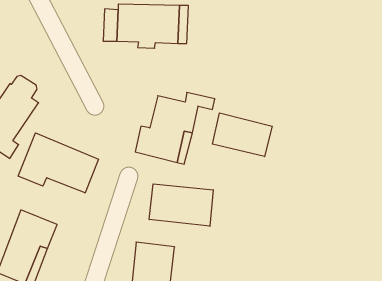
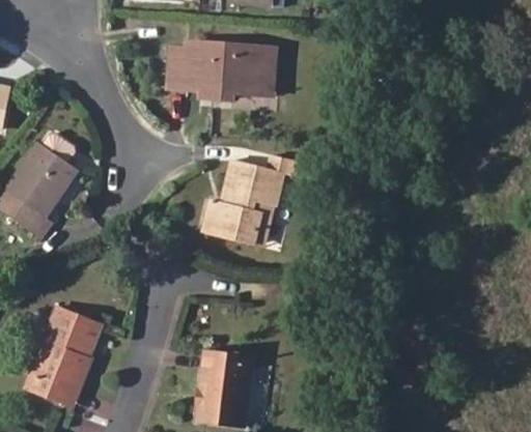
building: [212,113,272,157] -> none
building: [18,133,99,193] -> none
building: [149,184,213,226] -> none

